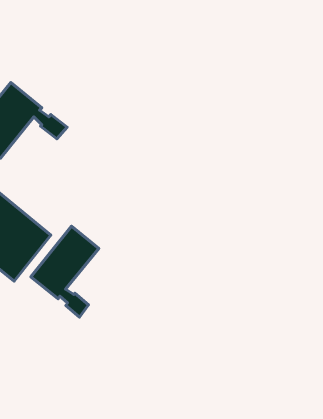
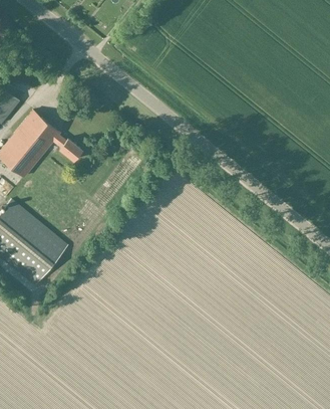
building: [31,226,99,317] -> none

